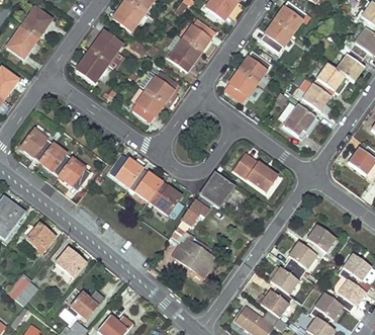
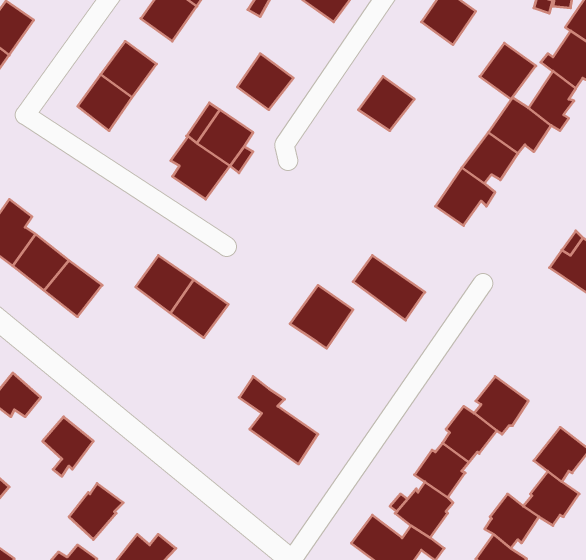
building: [181,19,214,53] -> none
building: [260,20,292,53] -> [480,43,536,99]
building: [223,71,261,102] -> none
building: [149,183,181,216] -> none
building: [177,194,213,232] -> none

